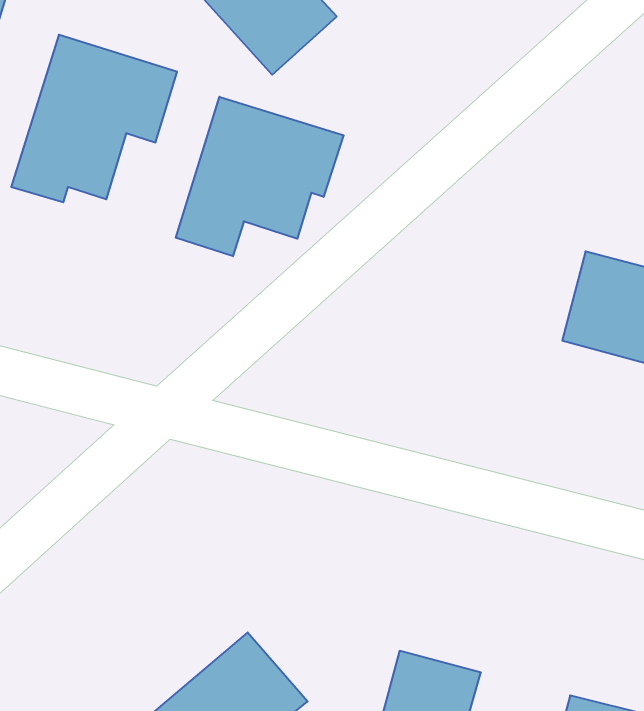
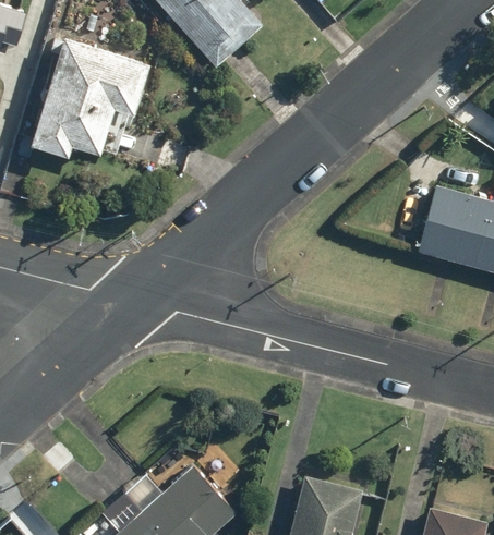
building: [176,97,344,256] -> none

